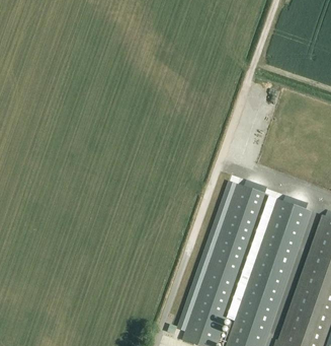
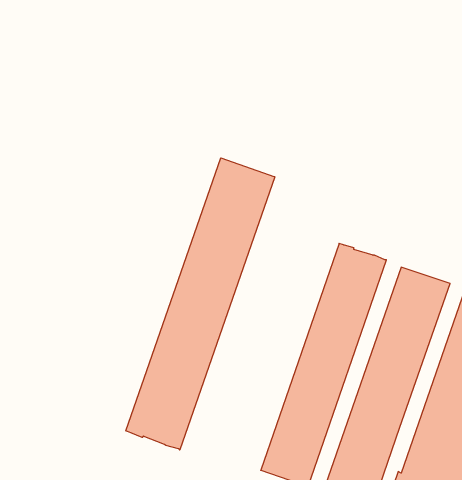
building: none -> [126,158,275,450]

